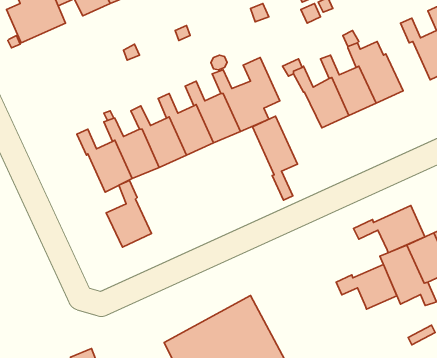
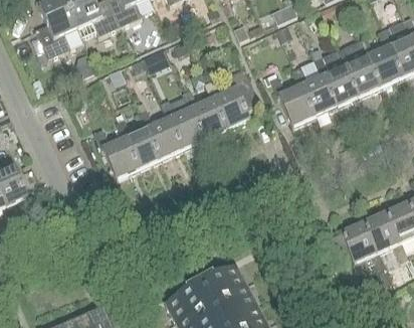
building: none -> [335,40,381,96]
building: [252,116,297,200] -> none
building: [106,181,152,247] -> none
building: [353,205,425,253] -> none
building: [336,265,397,309] -> none

